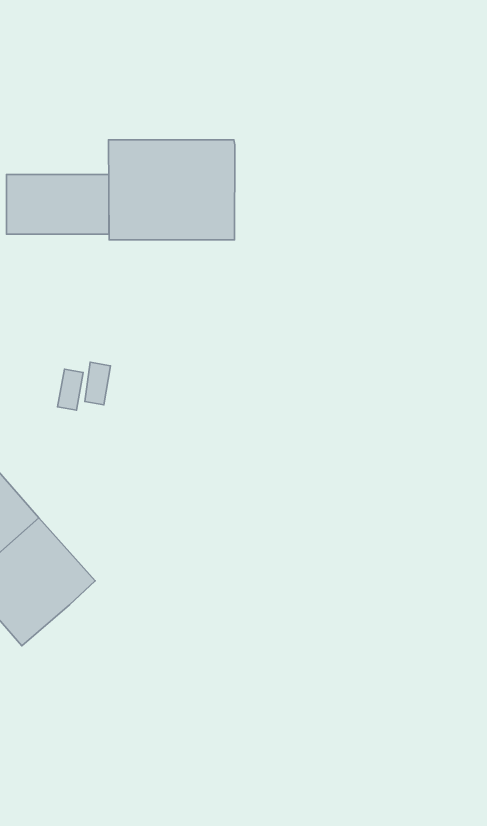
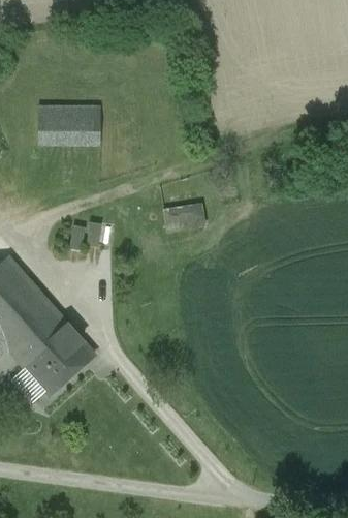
building: [109,140,235,240] -> none
building: none -> [164,203,204,230]

